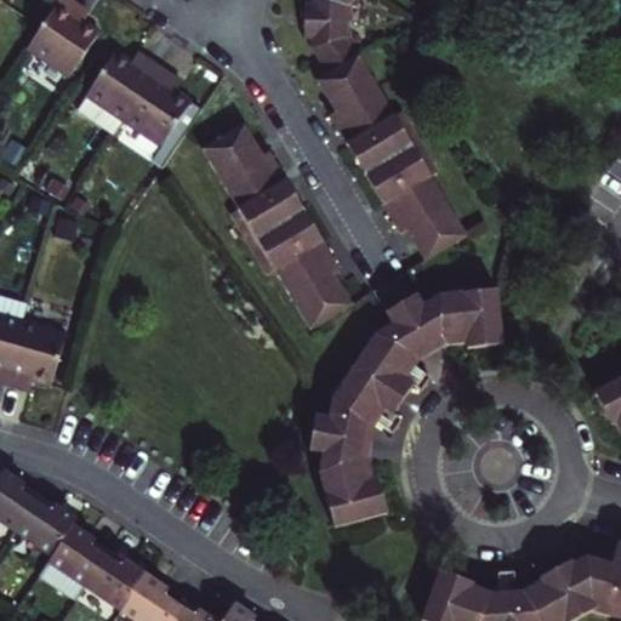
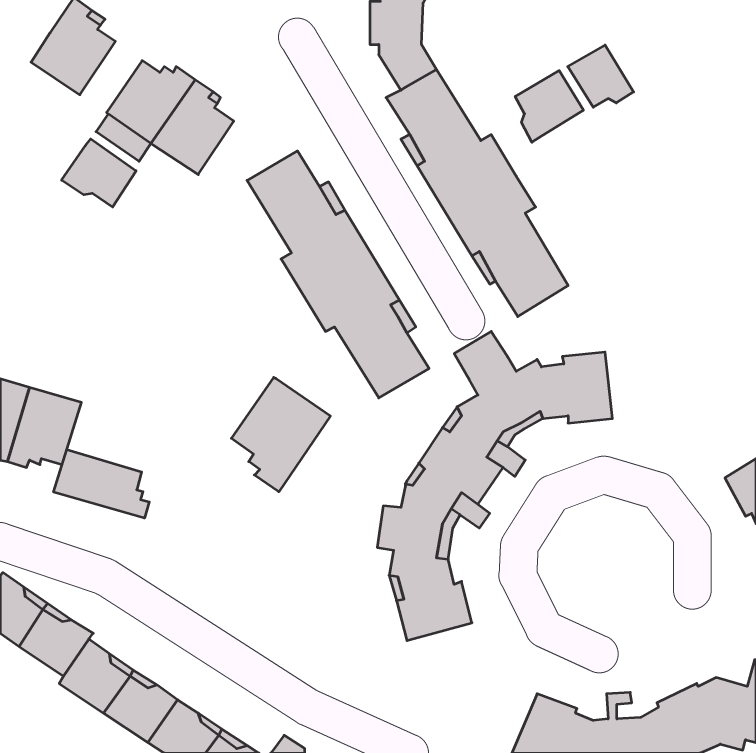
building: none -> [568,45,634,107]
building: none -> [515,71,583,142]
building: none -> [62,139,136,207]
building: none -> [231,377,330,492]
building: none -> [54,450,149,518]

